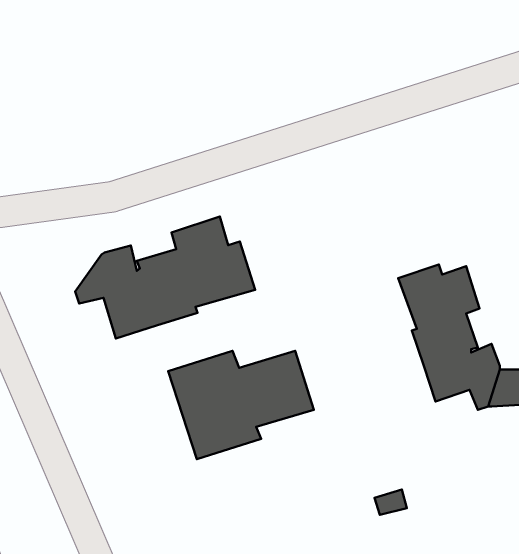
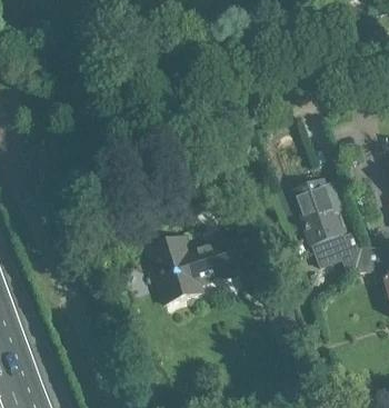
building: [75,217,255,339] -> none

